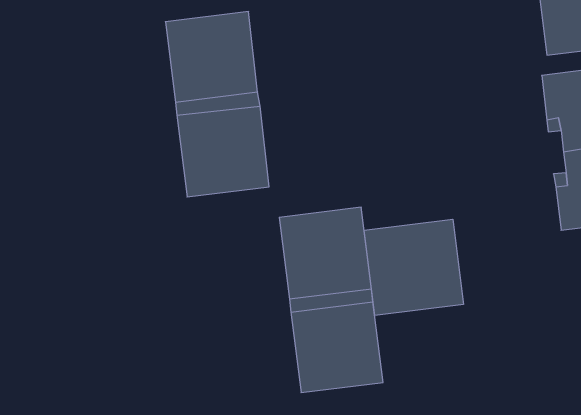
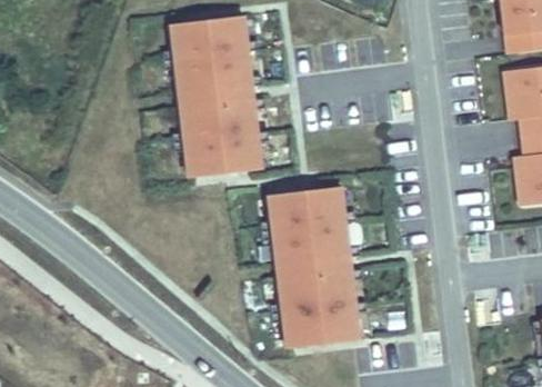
building: [364,219,463,315] -> none

